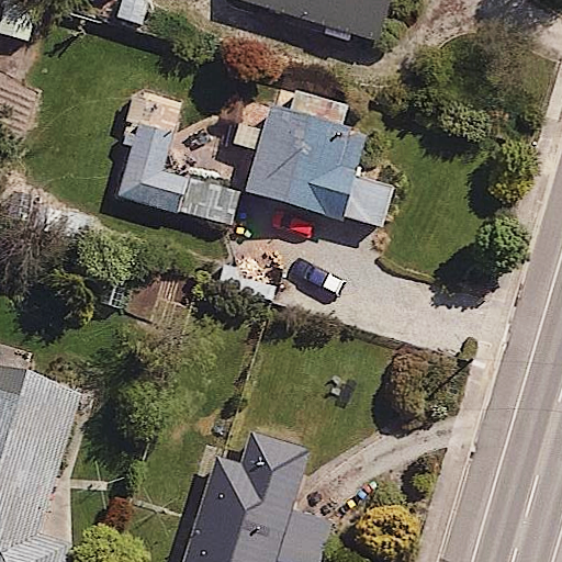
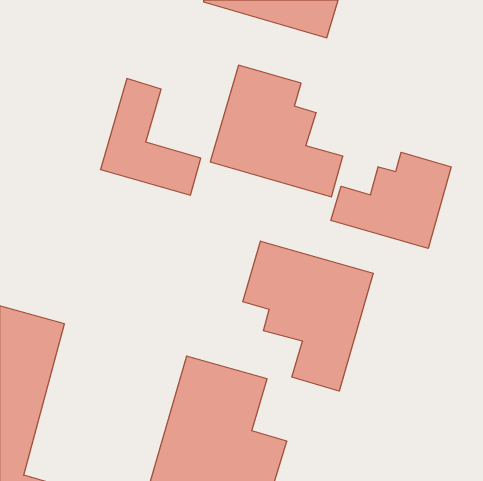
building: none -> [331,152,451,248]
building: none -> [243,241,373,391]

